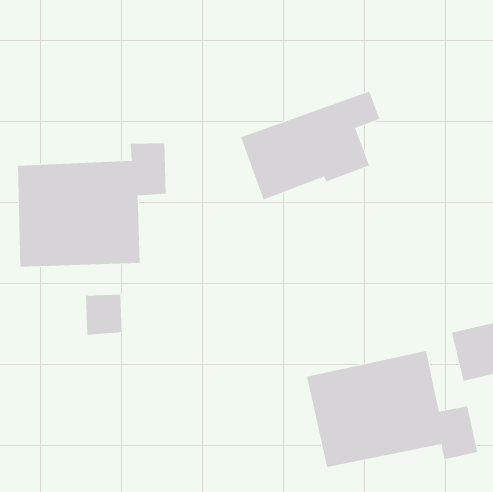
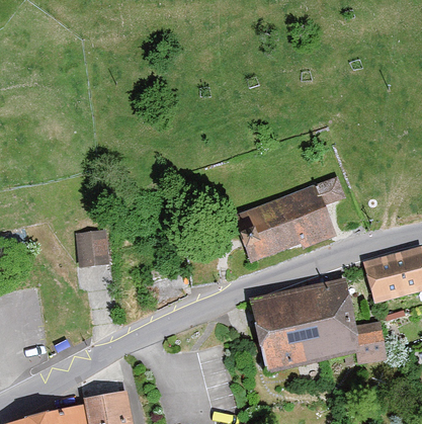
building: [240,91,380,200] -> [233,175,343,261]
building: [17,142,166,267] -> none

